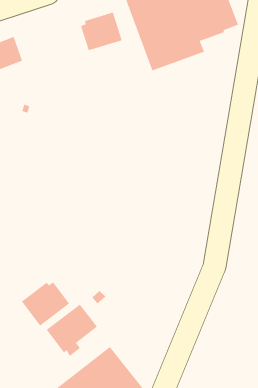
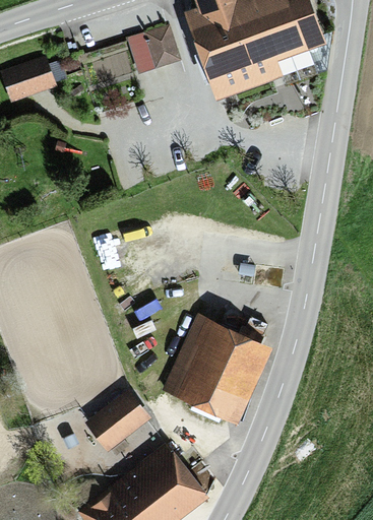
building: none -> [162,313,272,422]
building: [21,281,70,326] -> none

